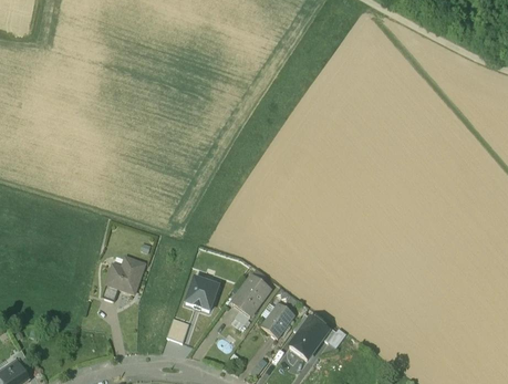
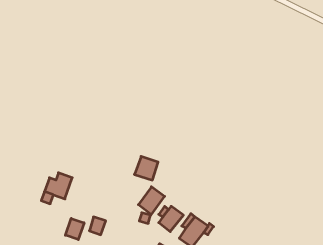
building: [185,278,217,310] -> [134,156,158,180]
building: none -> [65,218,84,240]

